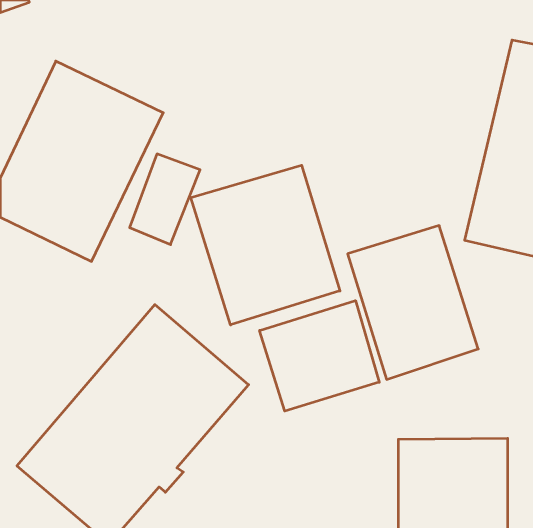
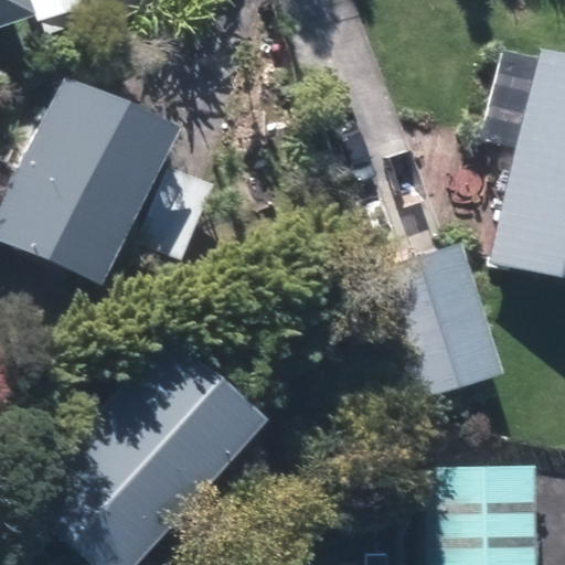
building: [191,165,340,325] -> none
building: [260,301,379,411] -> none

